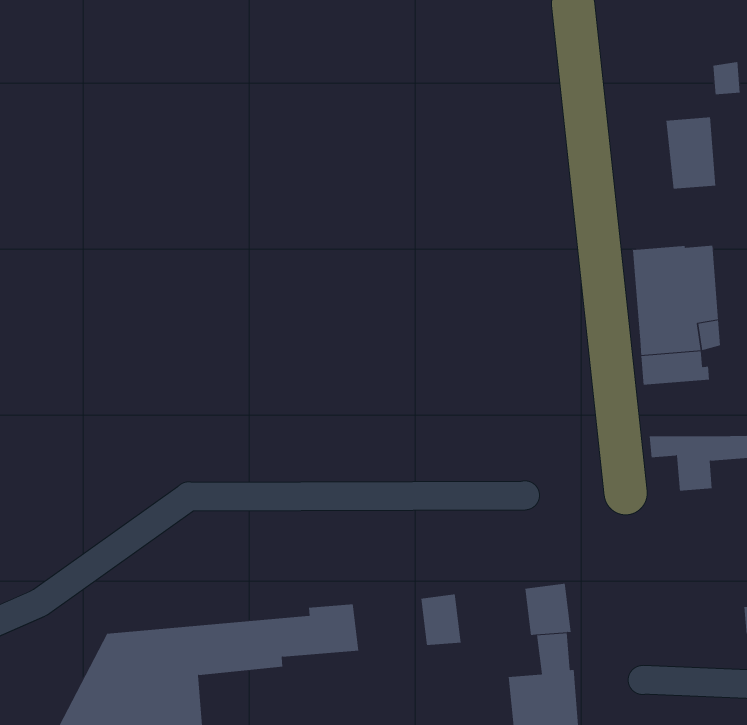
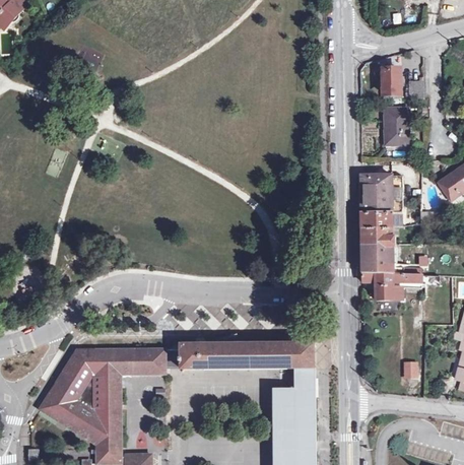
building: none -> [382,69,400,97]
building: none -> [360,244,403,273]
building: none -> [256,343,292,369]
building: none -> [203,344,239,369]

